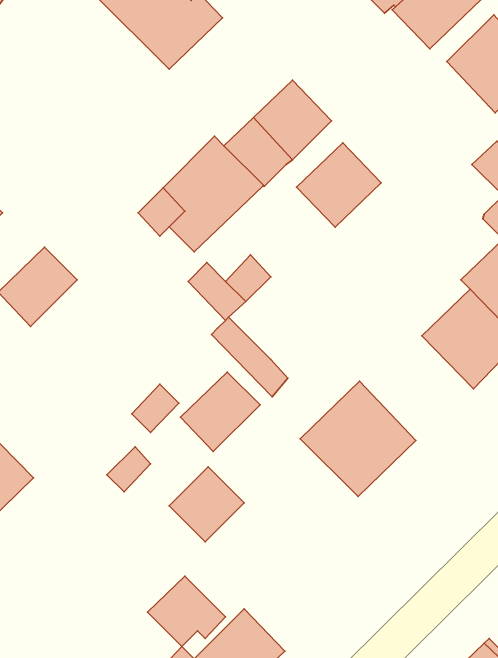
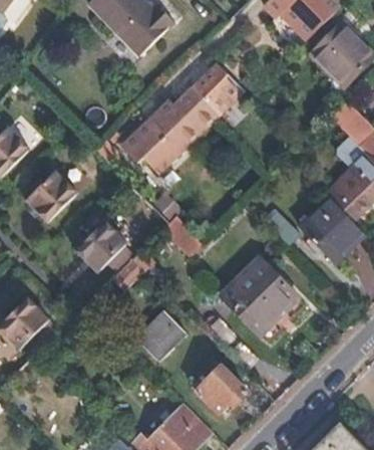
building: [297,143,381,227] -> none
building: [181,372,260,452] -> [75,221,126,272]
building: [147,576,225,646] -> [193,360,243,405]

